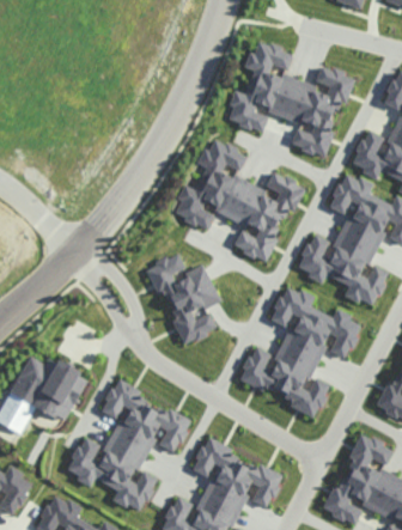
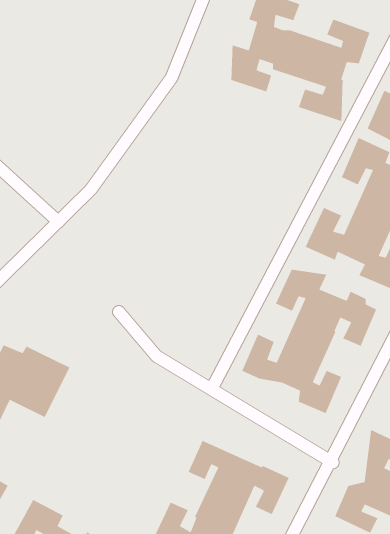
building: [172,139,302,262] -> none
building: [146,254,219,345] -> none
building: [66,384,191,513] -> none

